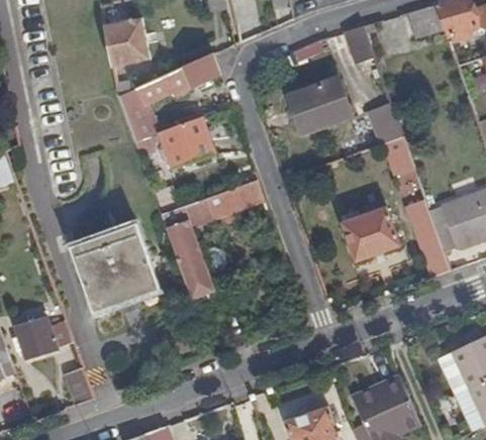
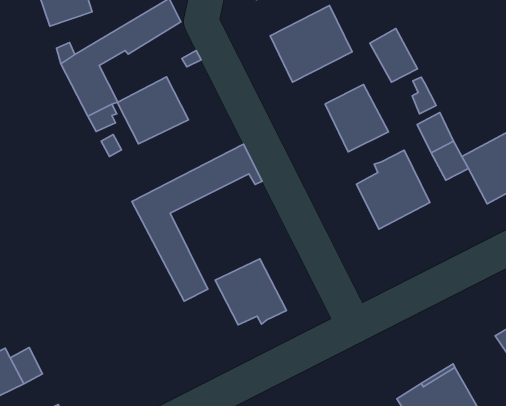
building: none -> [325,84,388,152]
building: [413,221,450,277] -> none
building: [71,225,158,307] -> none
building: none -> [215,259,286,325]

